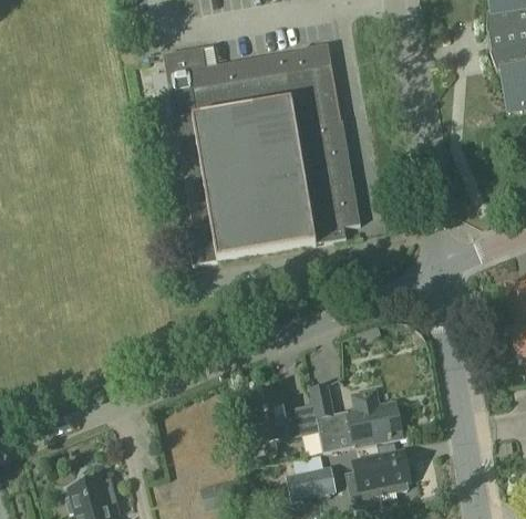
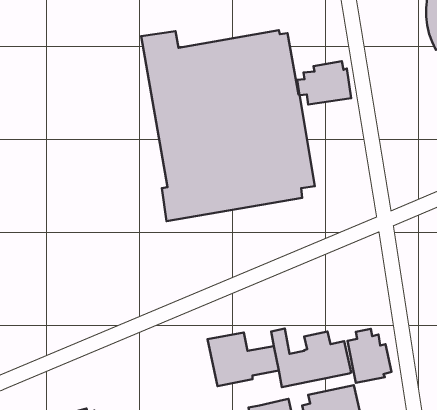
building: none -> [297,61,351,104]
building: none -> [347,329,392,383]

